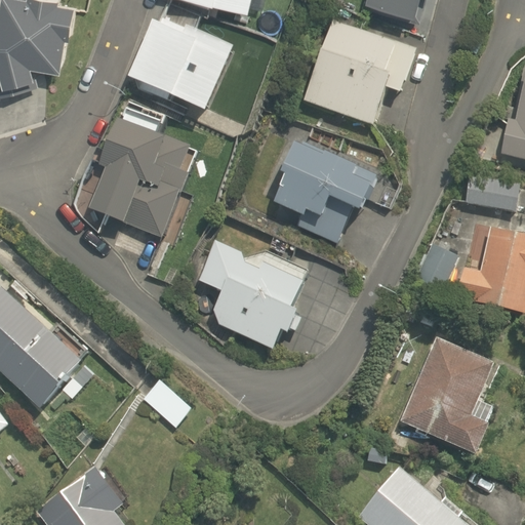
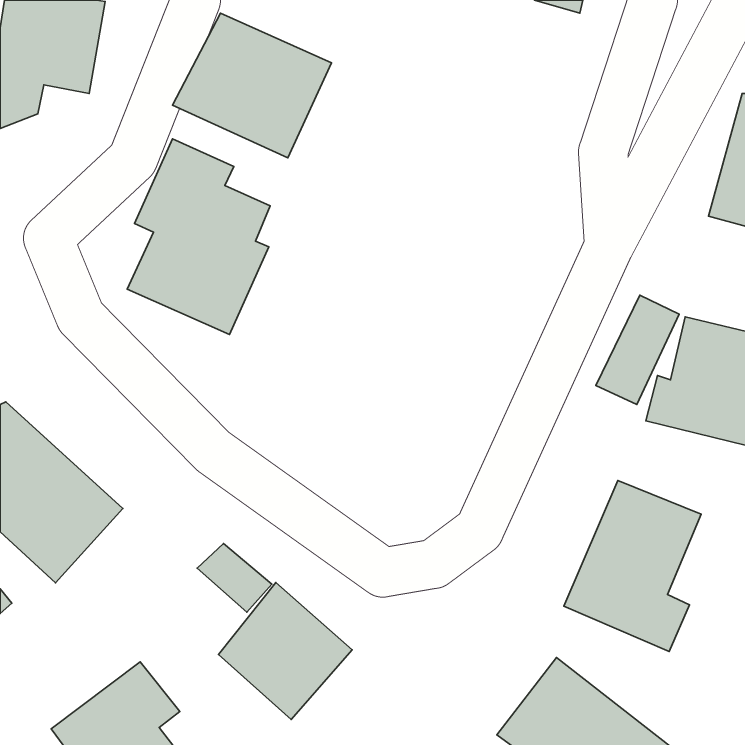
building: [302,21,416,126] -> none
building: [266,138,376,248] -> none
building: [460,177,519,212] -> none
building: [170,227,305,352] -> none
building: none -> [219,582,352,719]

